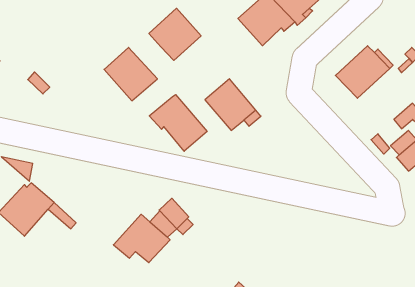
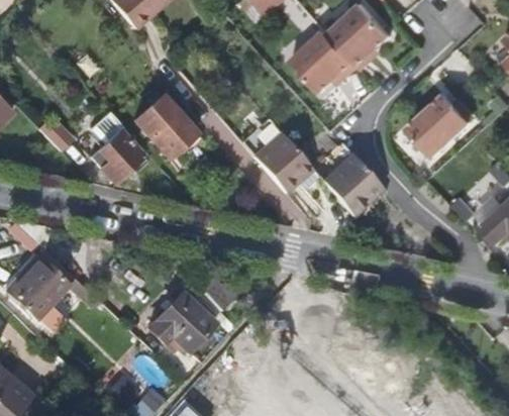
building: [149,8,201,60] -> none
building: none -> [88,112,141,181]
building: [149,95,207,151] -> none
building: none -> [324,154,385,215]

